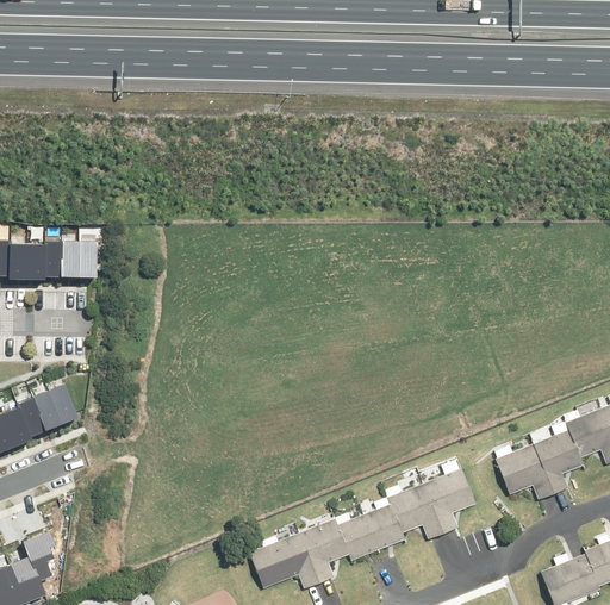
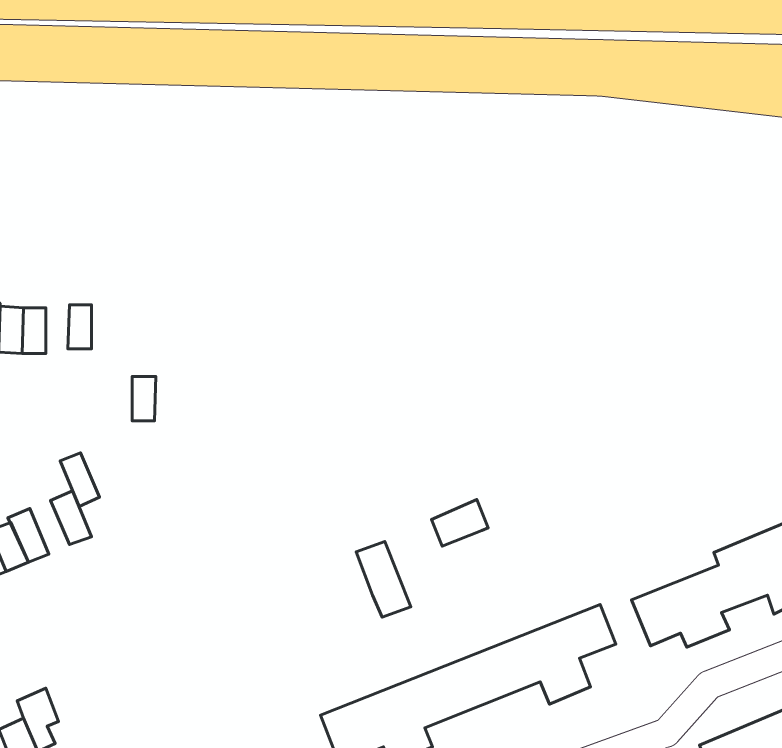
building: [45,241,63,275] -> none
building: [80,242,98,275] -> [132,377,156,421]
building: none -> [431,499,488,546]
building: [33,389,63,430] -> [60,453,100,507]
building: none -> [356,541,411,617]

